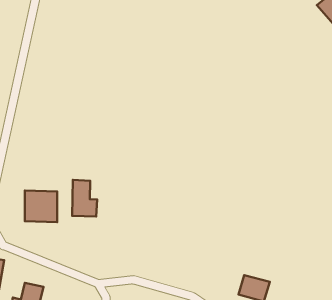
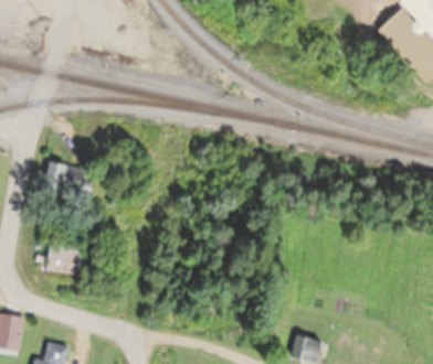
building: none -> [42,160,83,195]
building: [72,180,97,216] -> none

